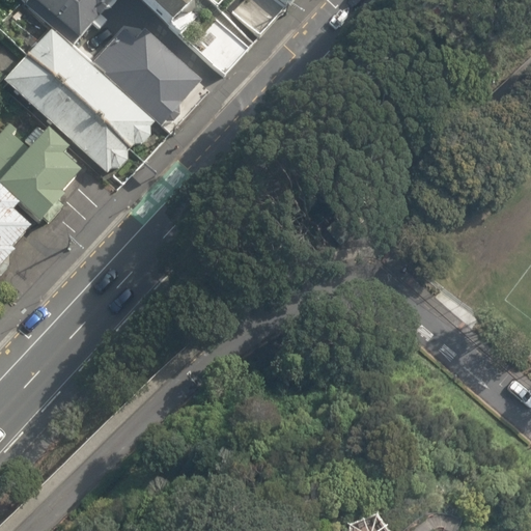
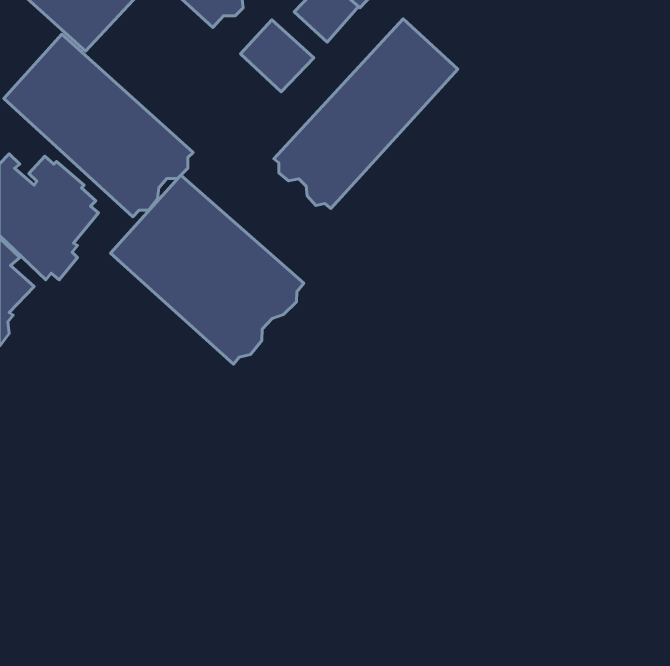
building: none -> [274,19,458,209]
building: [92,26,200,124] -> none
building: none -> [110,175,304,364]

